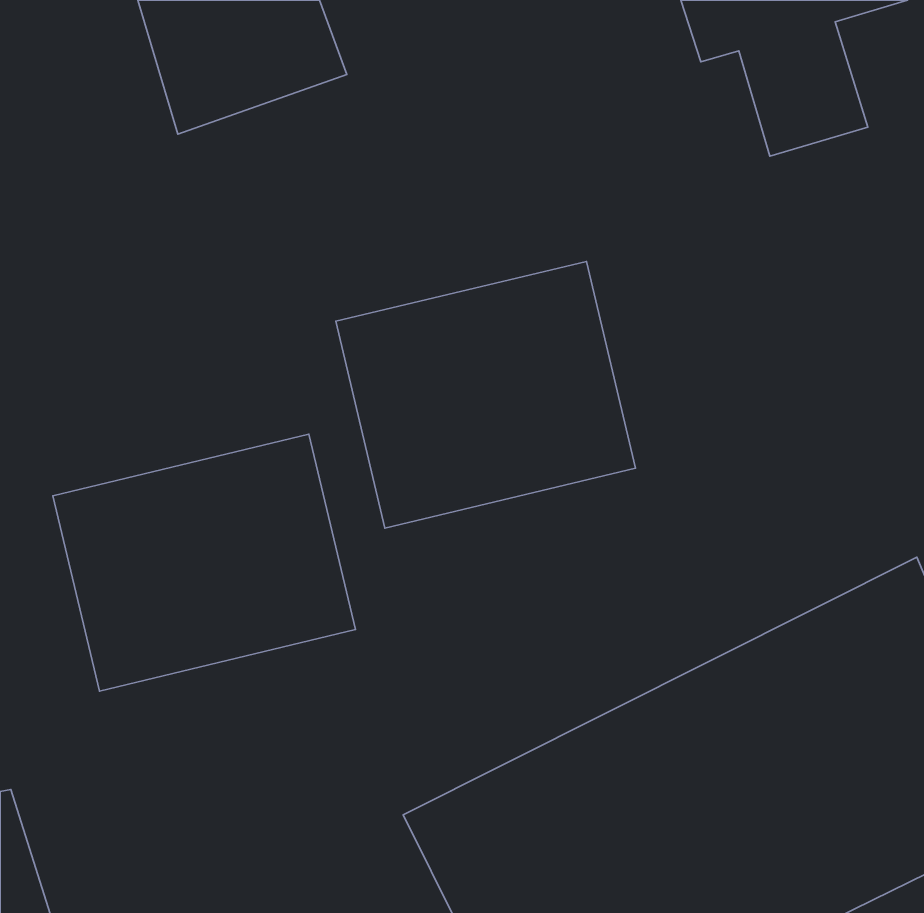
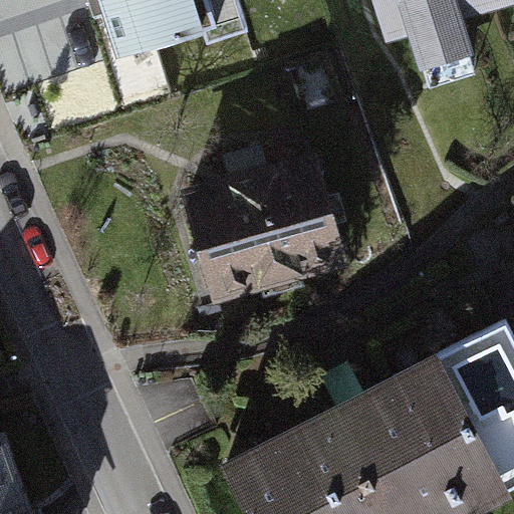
building: [53,434,355,691] -> none

